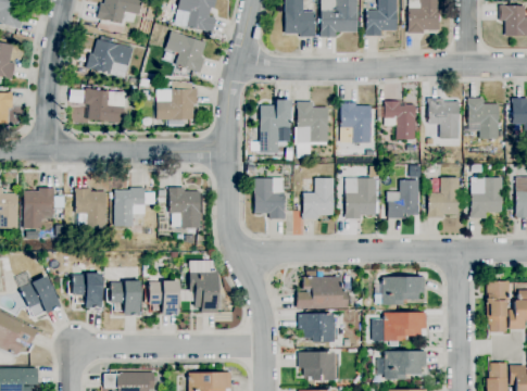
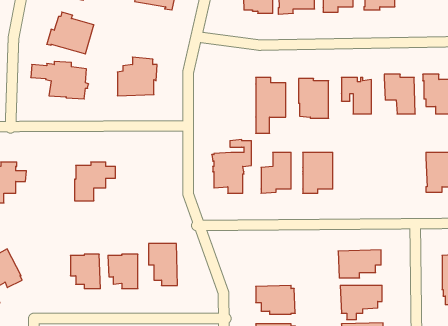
building: [165,31,206,74] -> none
building: [260,100,291,153] -> none
building: [428,178,461,218] -> none
building: [387,180,419,218] -> none
building: [75,188,106,229] -> none
building: [170,188,201,229] -> none
building: [72,274,101,308] -> none
building: [296,277,350,308] -> none

